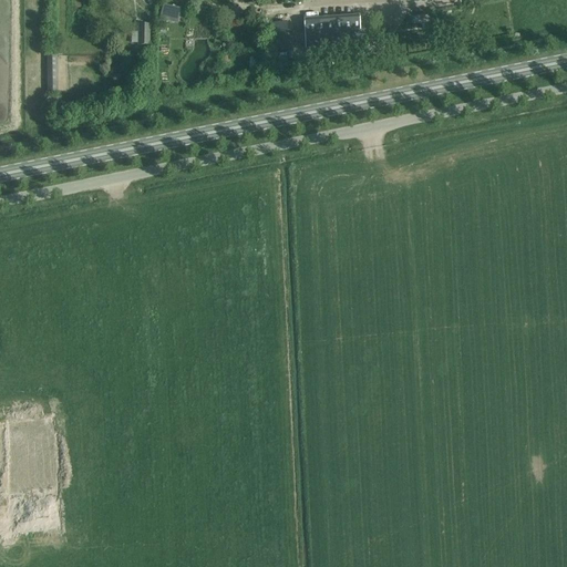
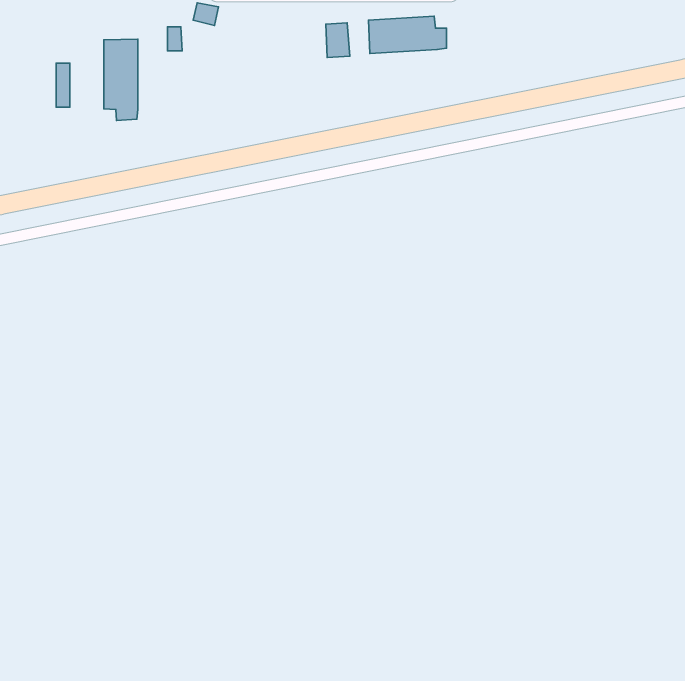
building: none -> [104,39,138,121]

